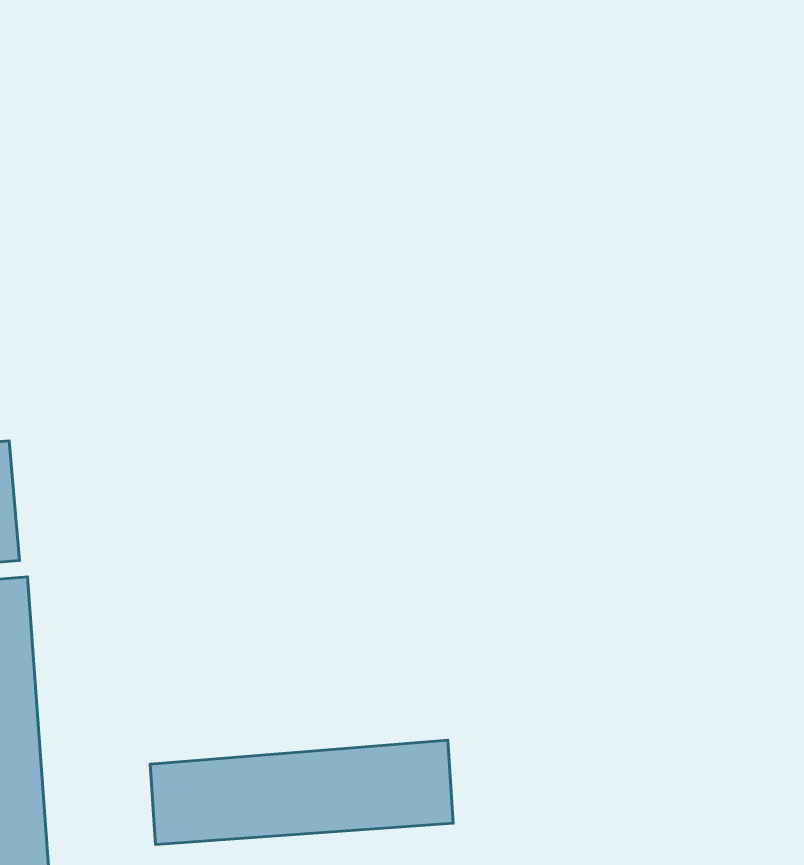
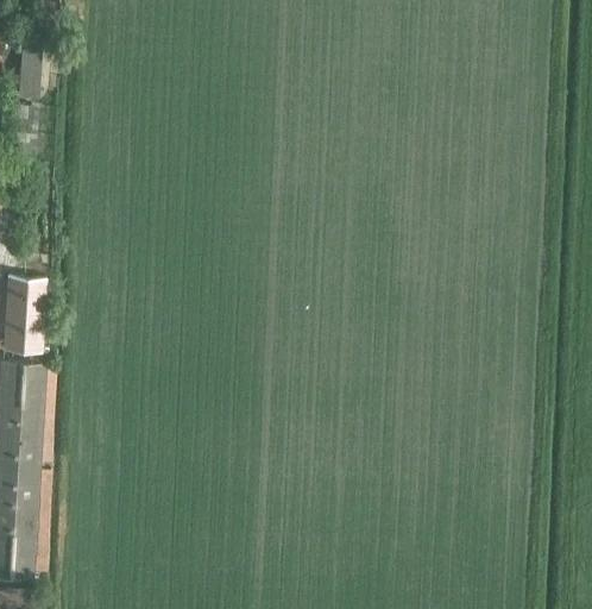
building: [150,740,453,845] -> none

